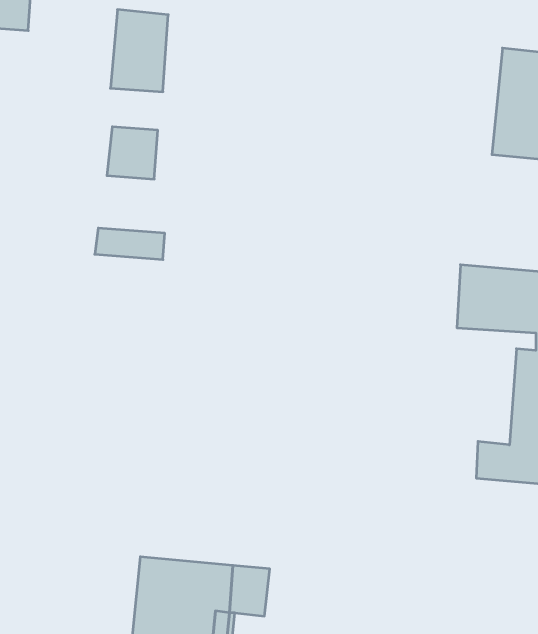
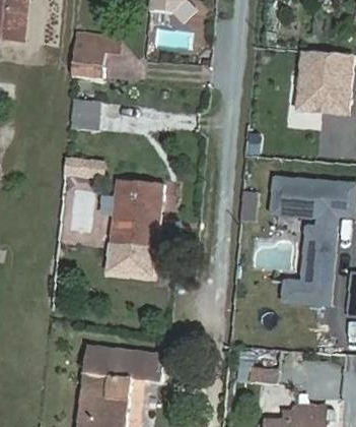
building: none -> [104,176,157,270]

